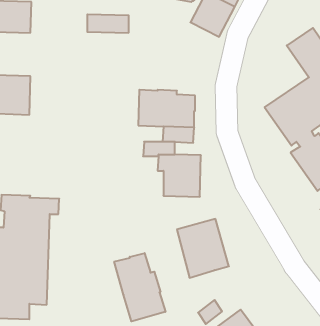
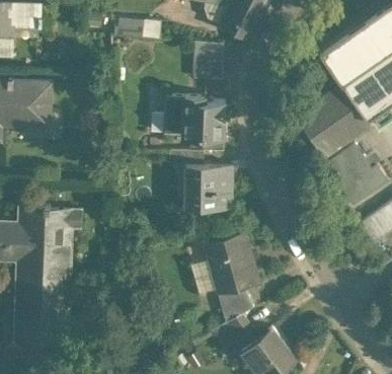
building: none -> [194,43,223,80]
building: [114,253,165,321] -> none
building: none -> [219,286,254,323]

